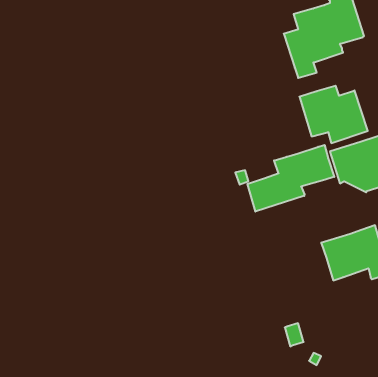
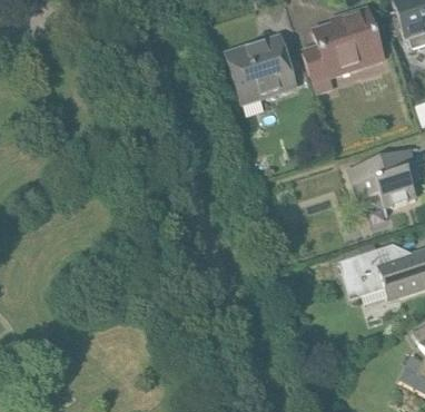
building: [299,86,368,143] -> [228,41,297,99]
building: [247,145,334,212] -> none

